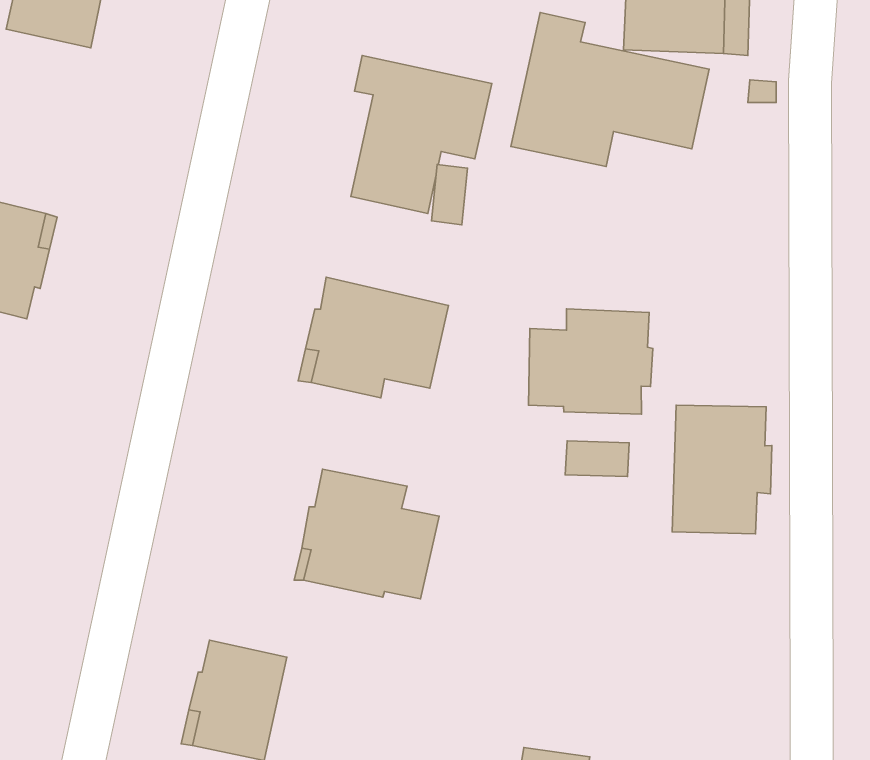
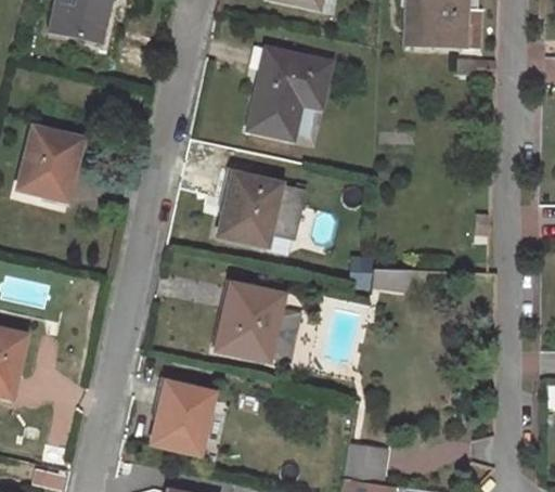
building: [511,13,709,167] -> none
building: [528,309,653,414] -> none
building: [672,405,772,534] -> none

